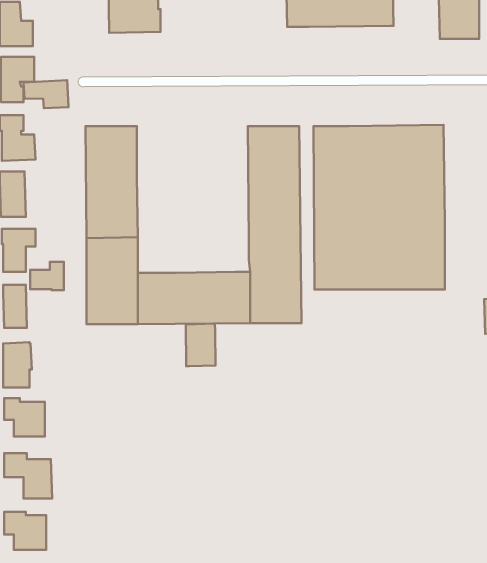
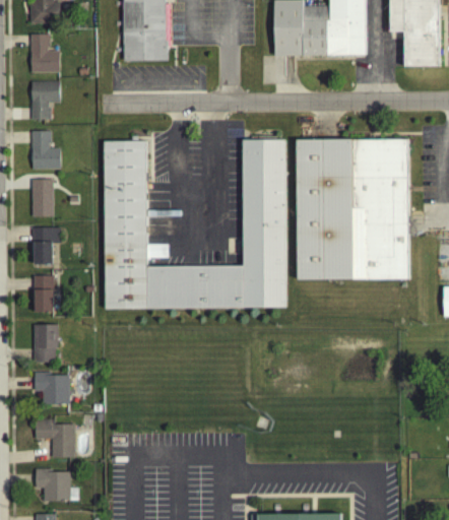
building: [24,80,68,108] -> none
building: [30,262,64,290] -> none
building: [186,323,215,366] -> none

